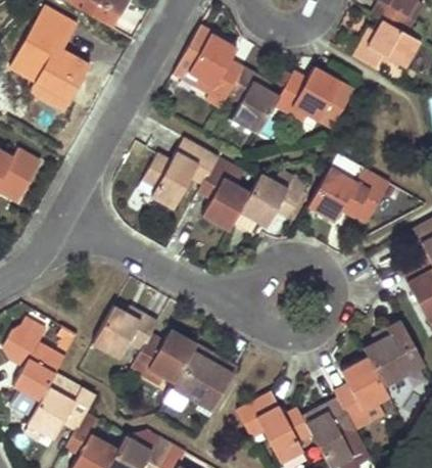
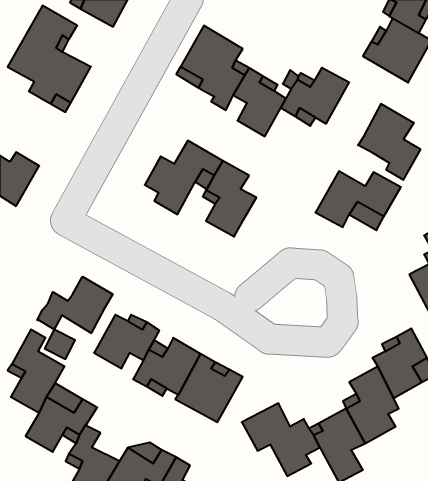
building: none -> [358,104,420,180]
building: [239,171,308,226] -> none
building: none -> [37,277,113,333]

